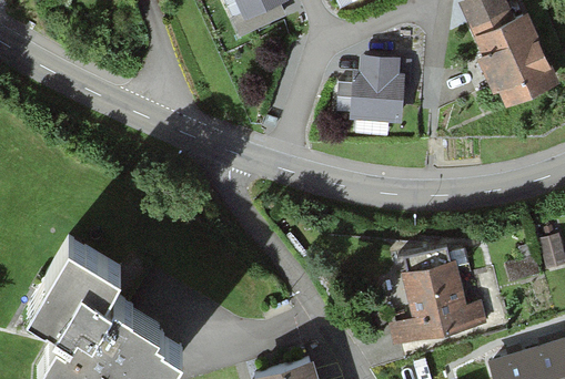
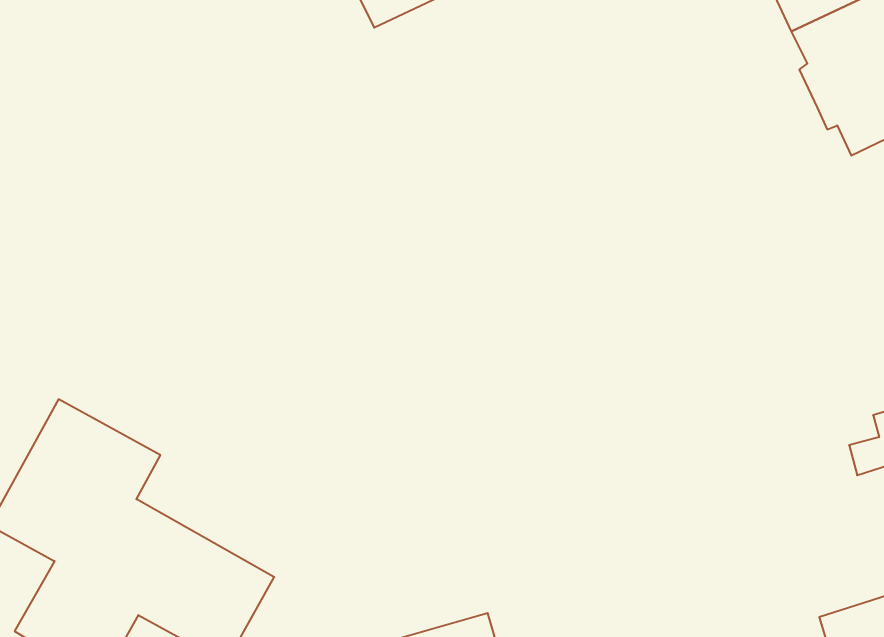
building: [339,54,412,122] -> none
building: [389,248,488,347] -> none

